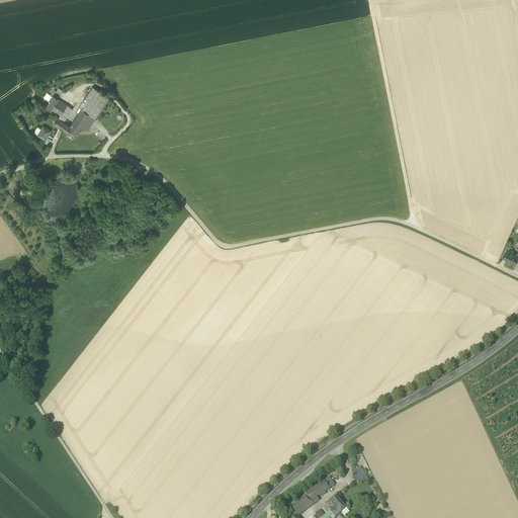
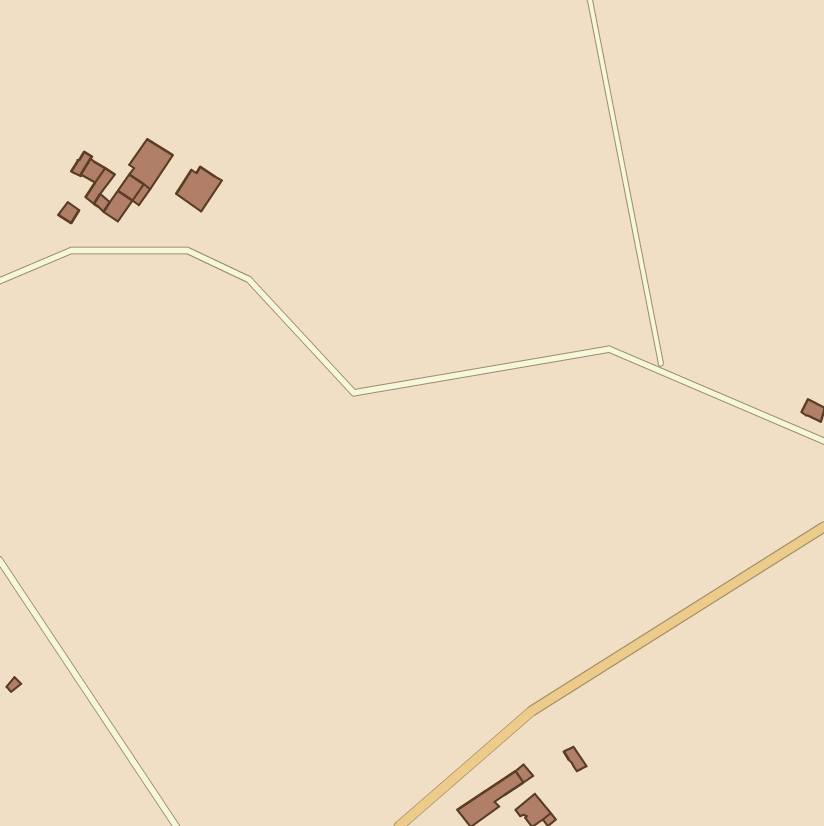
building: none -> [176,167,222,211]

